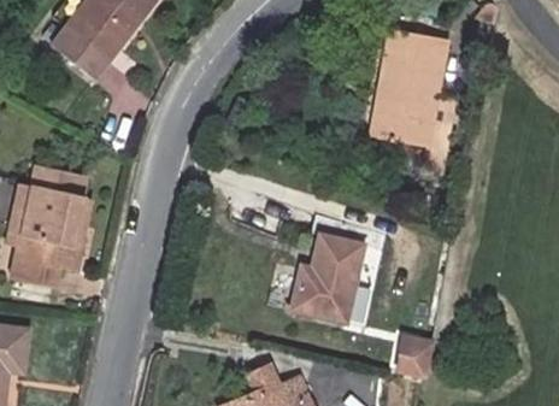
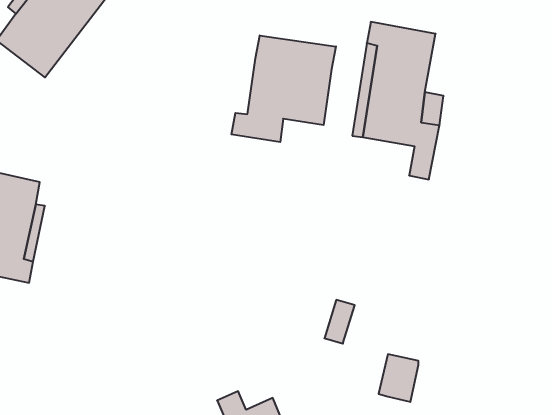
building: none -> [231,35,336,142]
building: [289,233,361,322] -> none

